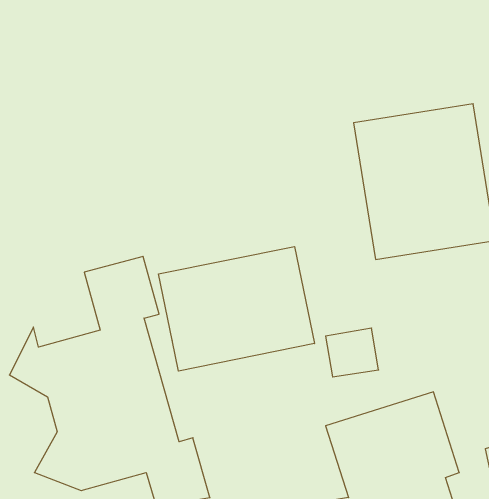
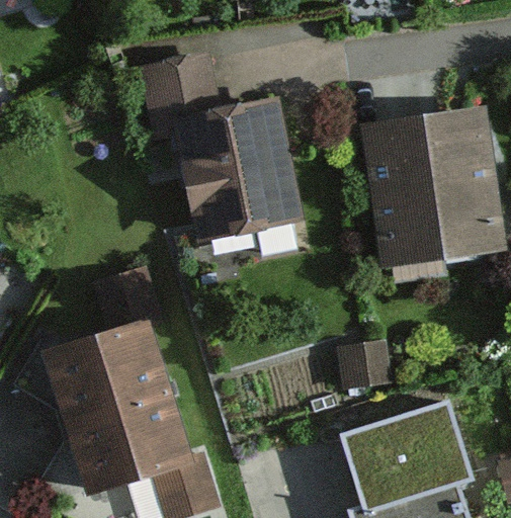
building: none -> [133,56,308,248]
building: [159,247,314,371] -> none

